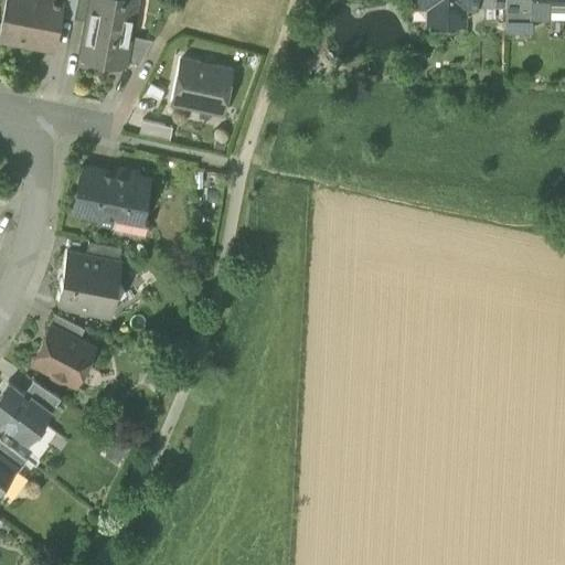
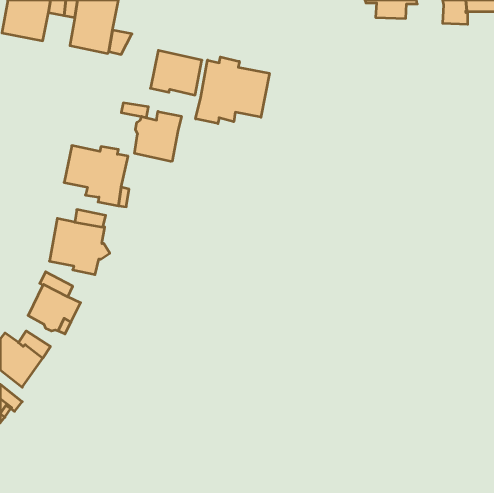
building: none -> [196,57,269,124]
building: none -> [135,111,181,161]

